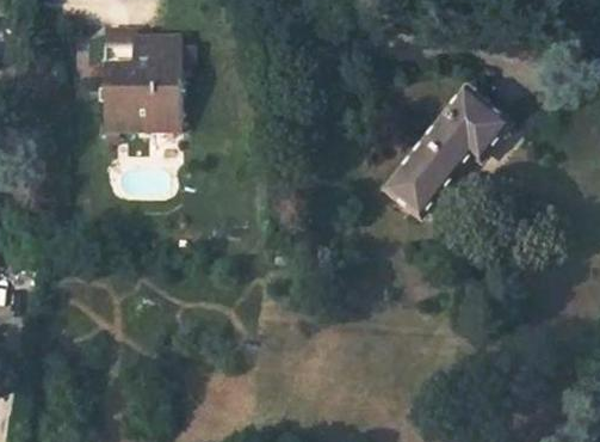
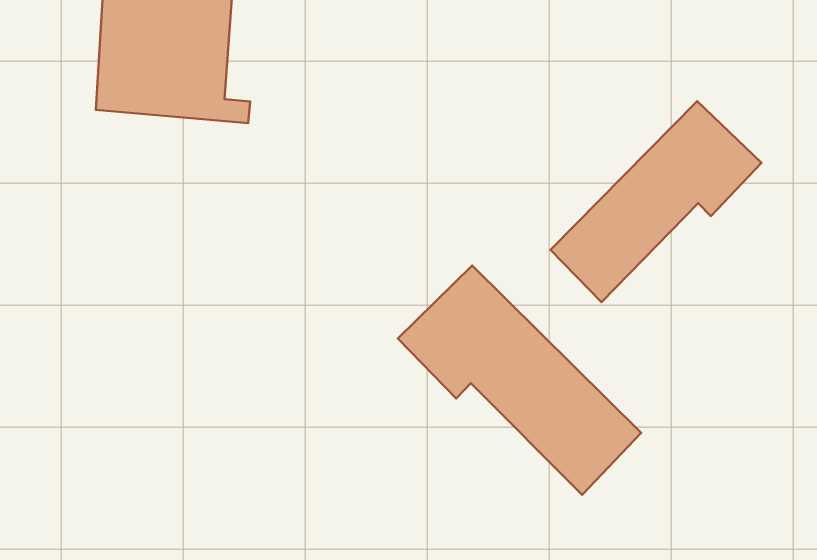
building: none -> [398,266,641,495]

